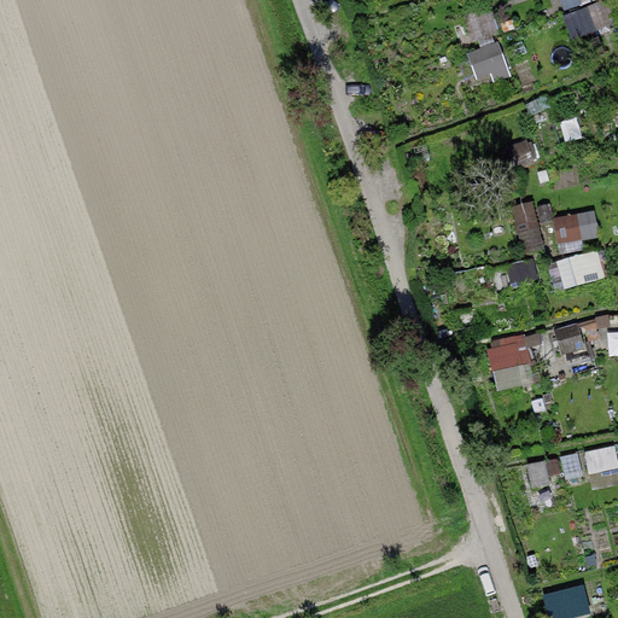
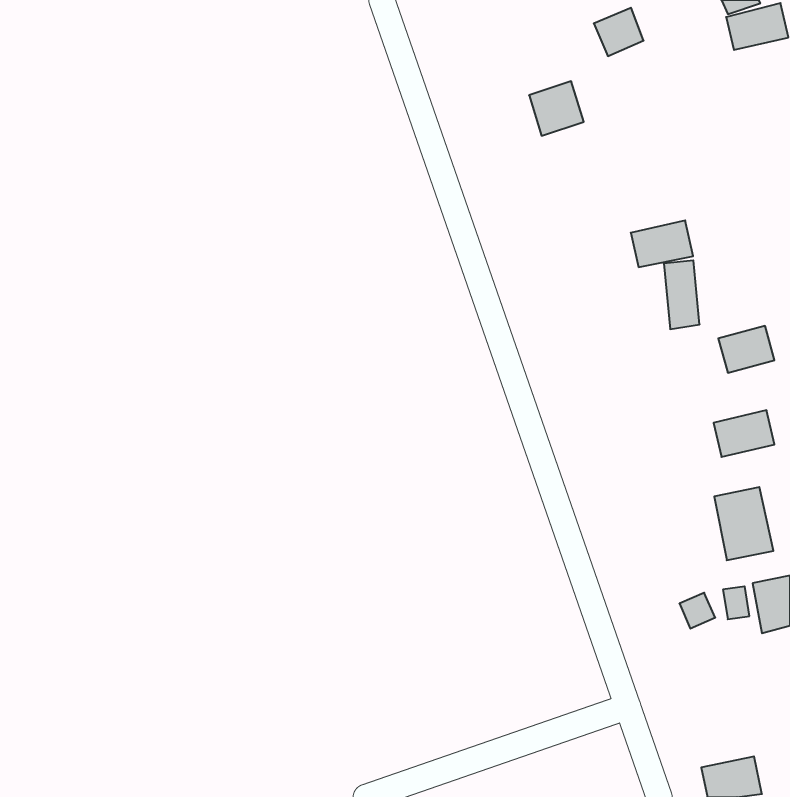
building: [466,41,508,83] -> [529,81,584,136]
building: [553,208,601,244] -> [631,220,693,267]
building: [486,334,532,391] -> [714,487,773,560]

